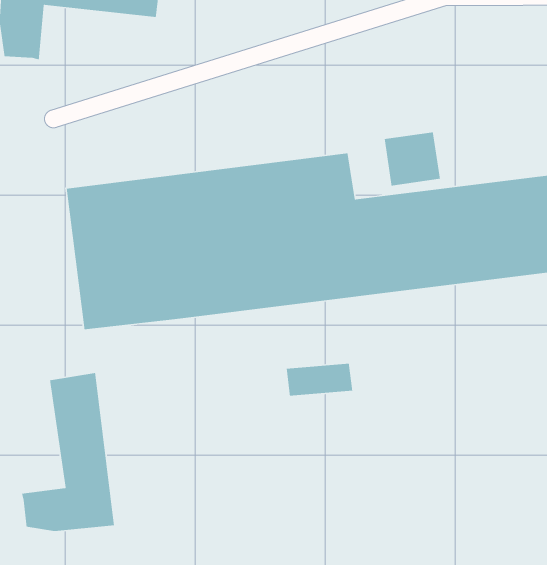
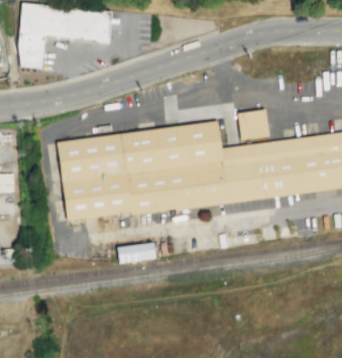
building: [286,363,353,397] -> [118,242,156,261]
building: [21,372,115,532] -> none

